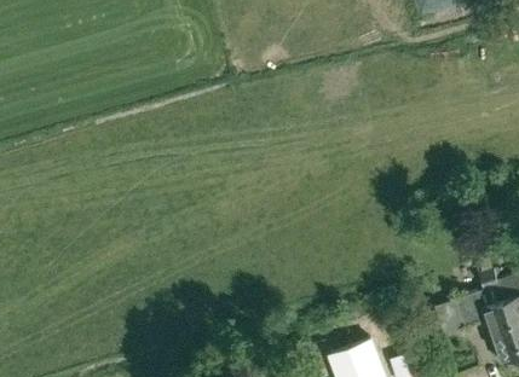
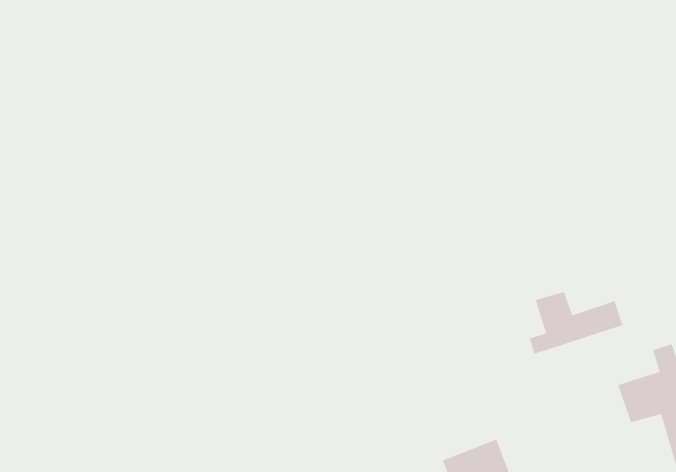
building: none -> [529,291,623,354]

